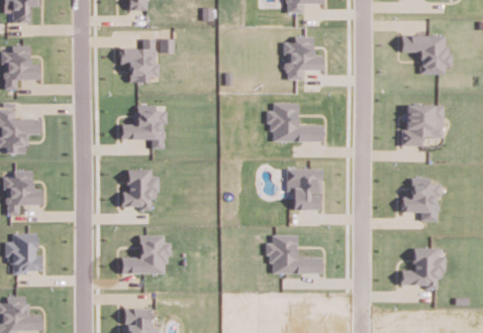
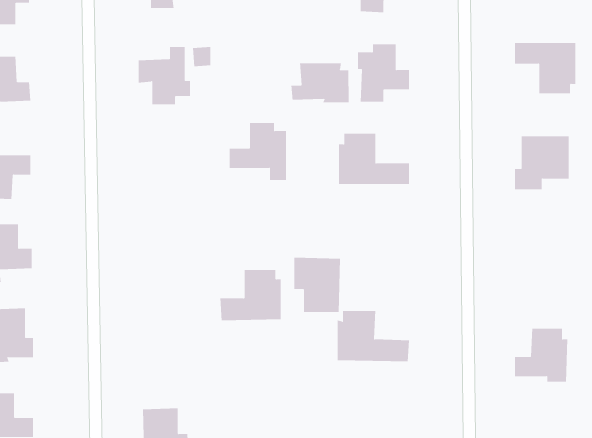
building: none -> [291,62,349,103]
building: [121,105,165,148] -> [229,122,287,181]
building: [121,169,158,208] -> none
building: [287,169,322,210] -> [294,257,341,313]
building: [402,178,439,221] -> none
building: [121,235,168,273] -> [219,269,282,321]

